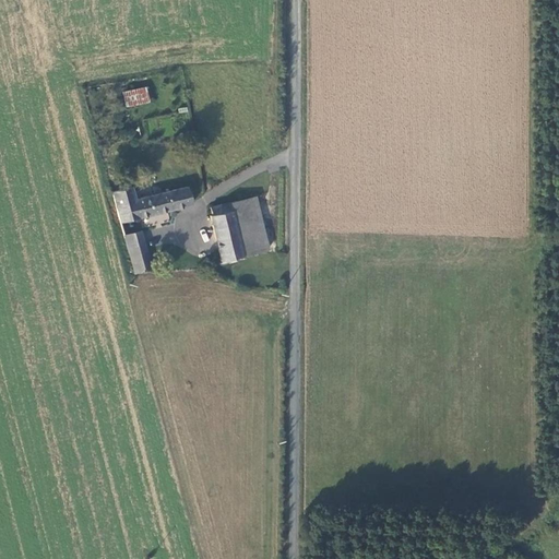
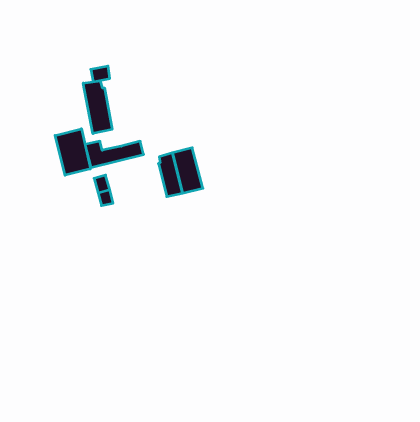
building: none -> [83,81,112,134]
building: none -> [55,129,90,175]

